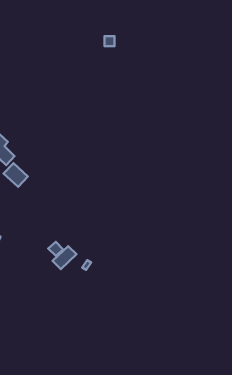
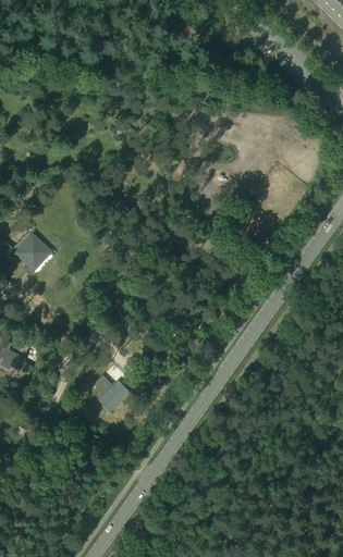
building: [4,163,28,187] -> none

